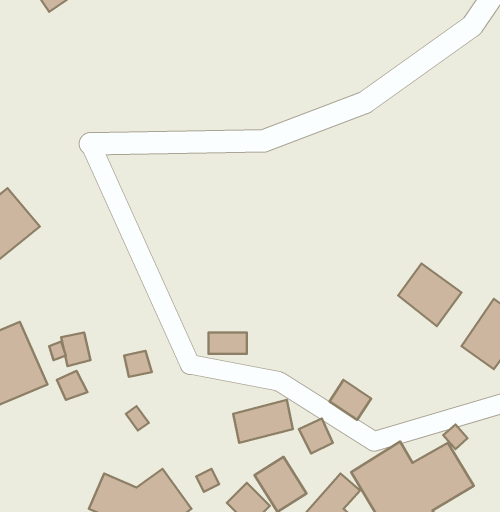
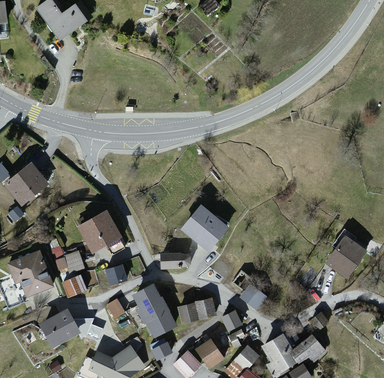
building: none -> [180,203,227,249]
building: none -> [72,208,123,259]
building: [398,264,461,326] -> none
building: none -> [130,281,178,340]
building: none -> [37,309,80,350]

